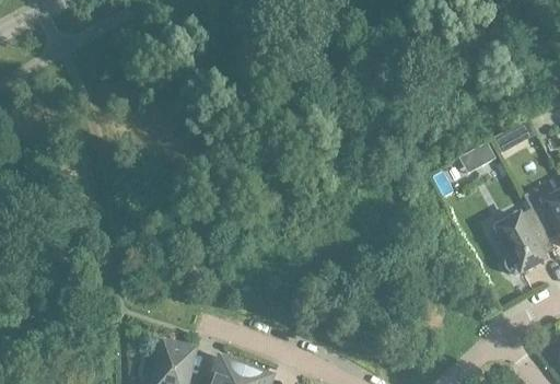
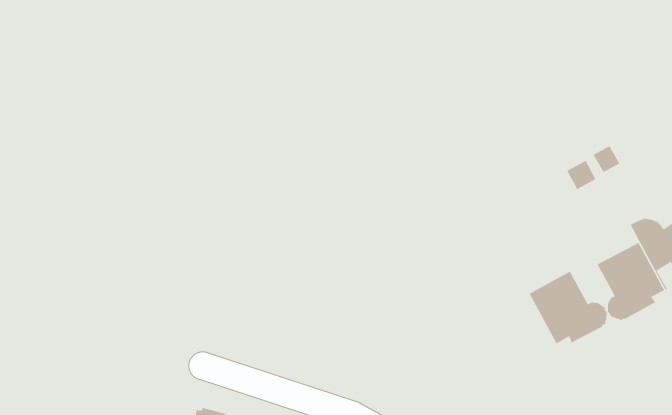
building: none -> [528,270,608,344]

